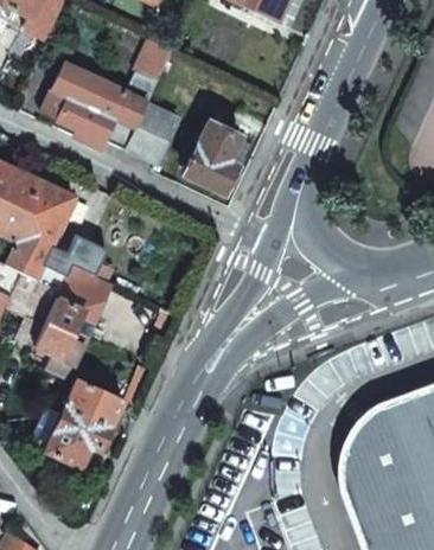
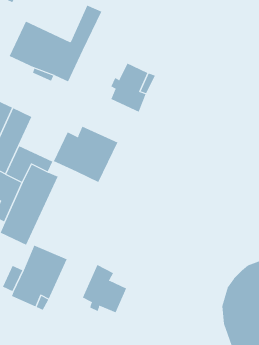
building: [126,103,179,164] -> none
building: none -> [53,126,118,183]
building: none -> [82,264,127,313]

